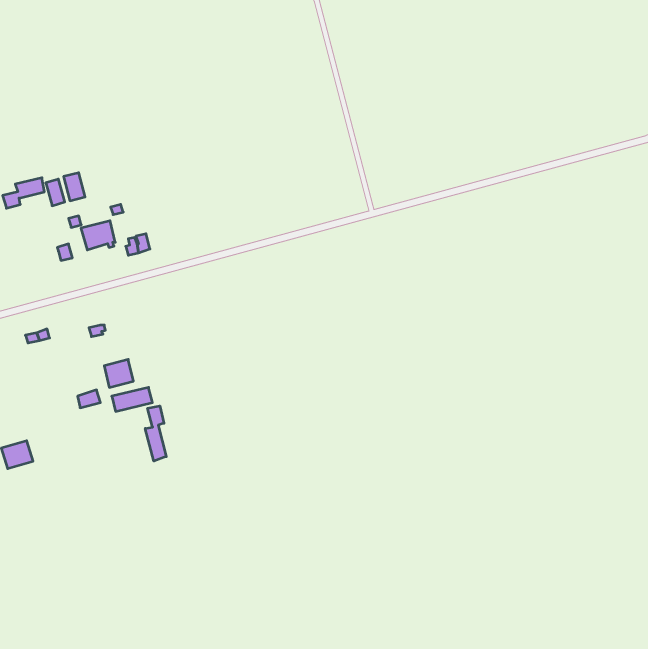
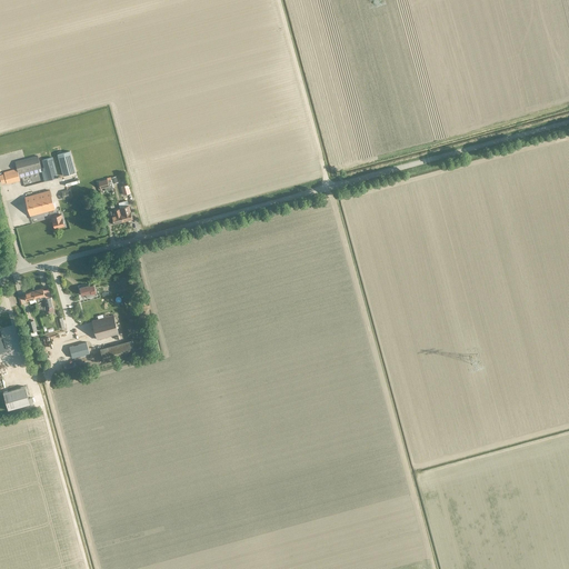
building: [81,221,115,250] -> [23,190,53,216]
building: [145,406,166,461] -> none

